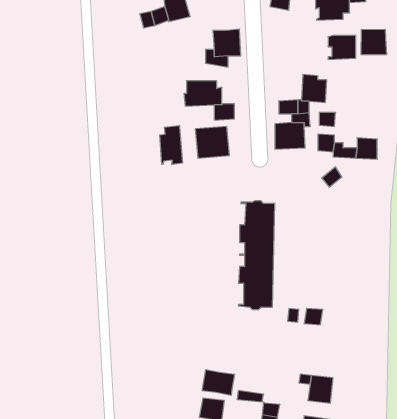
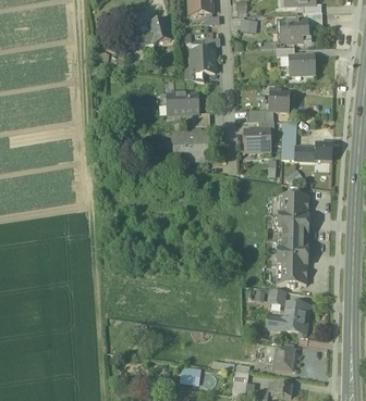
building: [361,29,386,55] -> none
building: [160,125,182,165] -> none
building: [238,201,275,310] -> [277,192,308,286]
building: none -> [269,302,307,336]
building: [202,370,235,395] -> none

